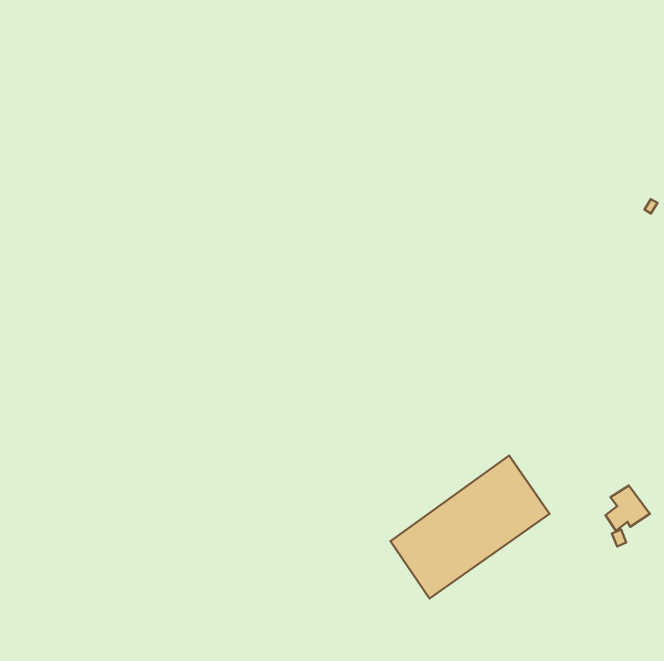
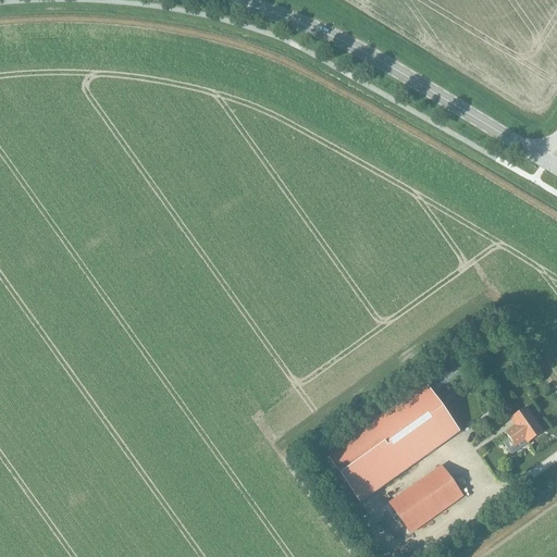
building: none -> [391,463,463,531]

